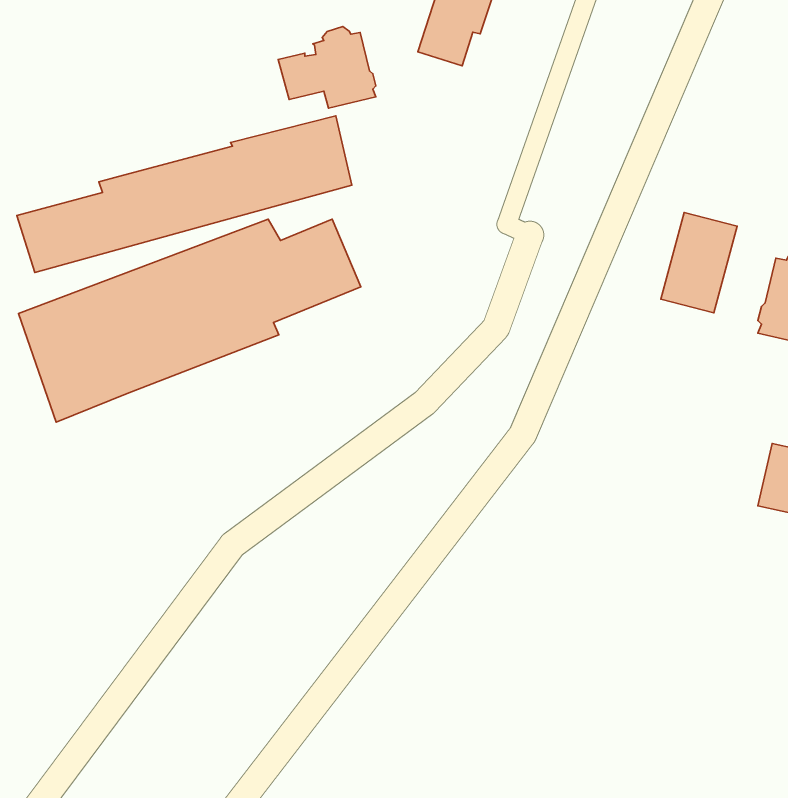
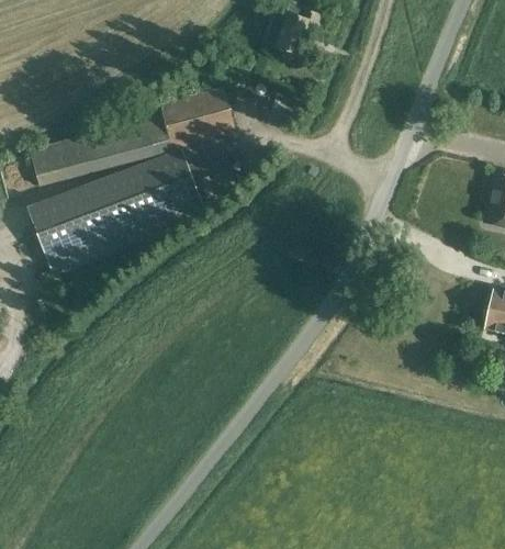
building: [278,27,376,108] -> none
building: [661,213,737,313] -> none

